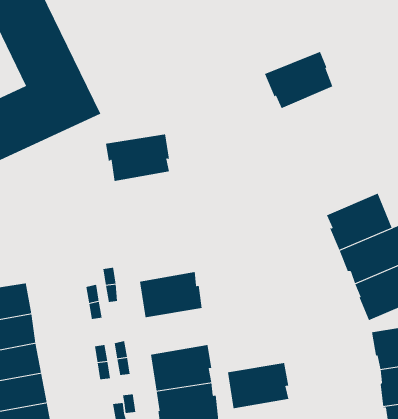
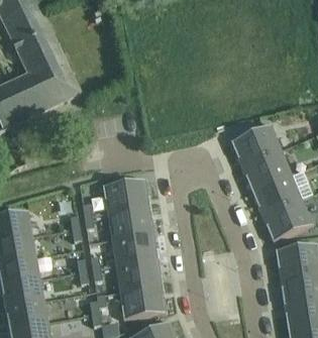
building: [264,51,333,109] -> [230,124,280,165]
building: [105,134,170,182] -> [102,179,148,213]
building: [227,362,291,409] -> [112,232,157,265]

